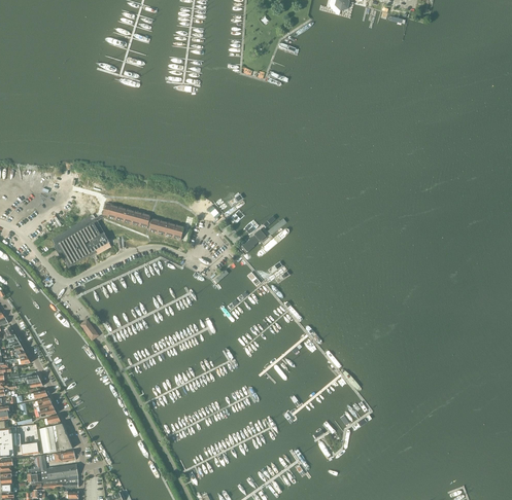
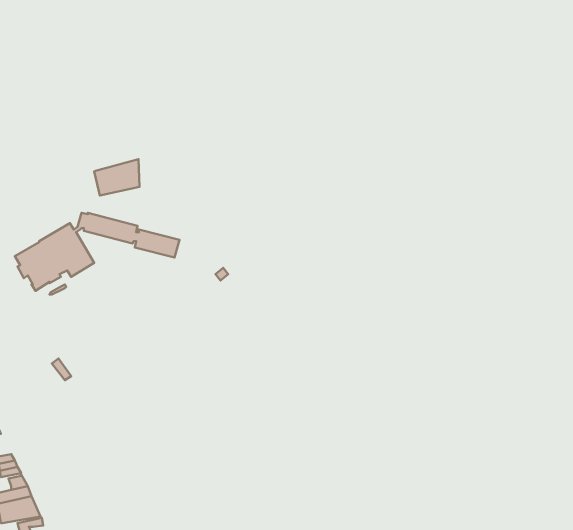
building: none -> [94,159,139,195]

